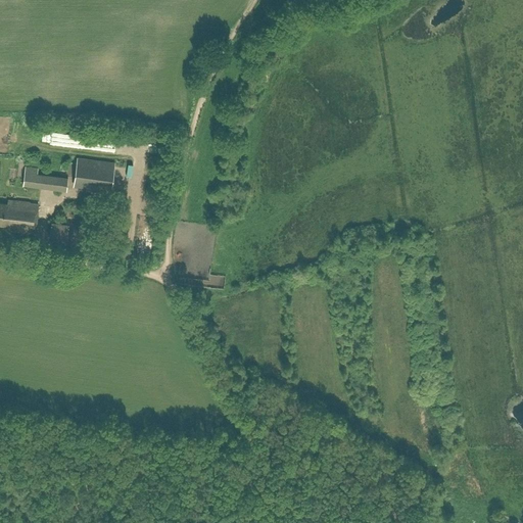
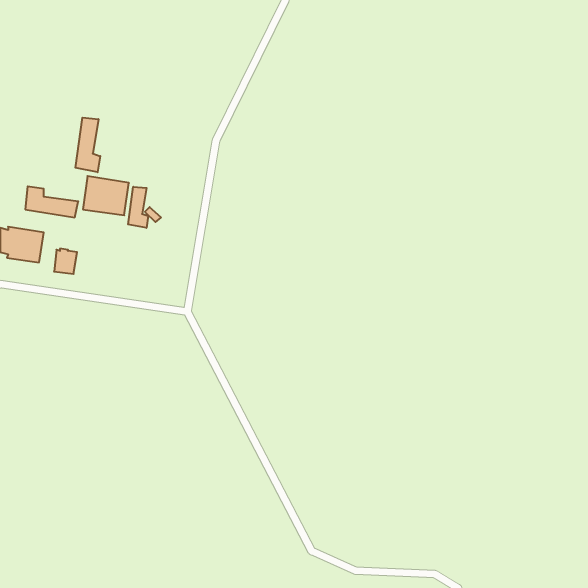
building: none -> [75,118,100,172]
building: none -> [128,187,148,228]

